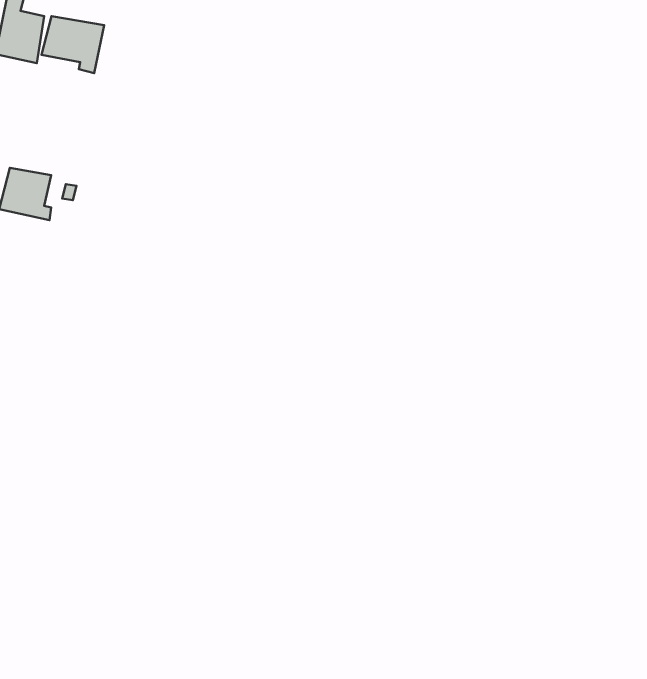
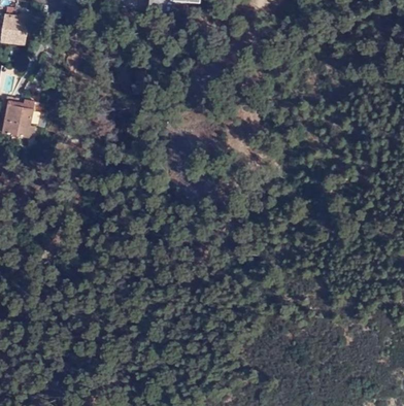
building: [42,16,104,73] -> none

